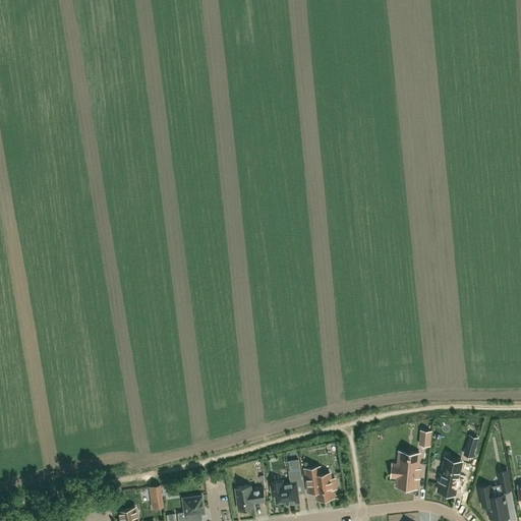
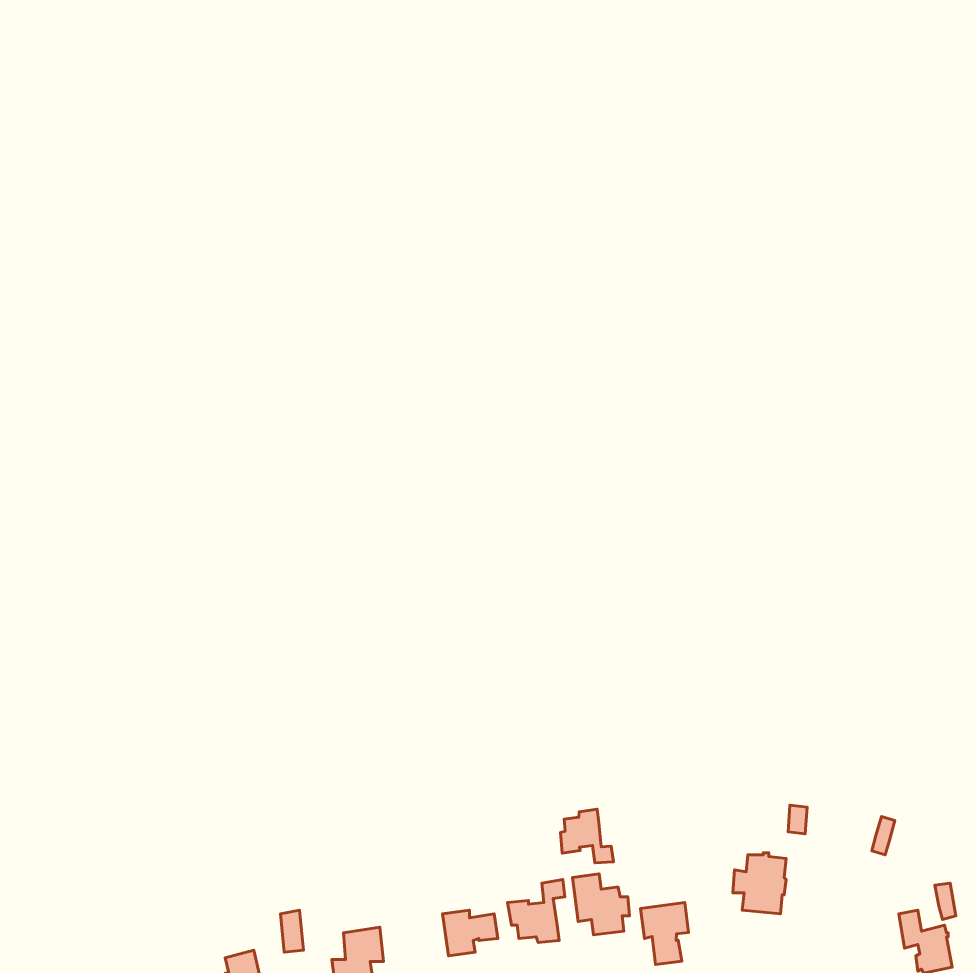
building: none -> [561,809,613,863]
building: [438,459,460,495] -> none
building: none -> [641,902,689,964]

